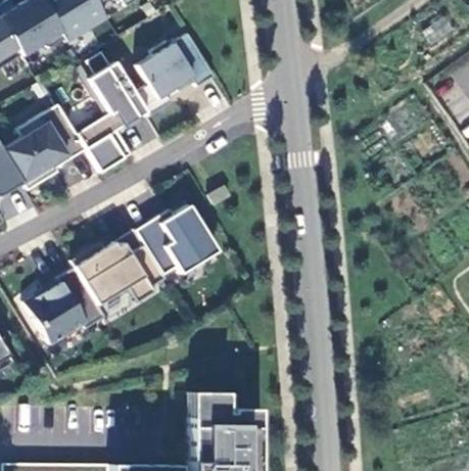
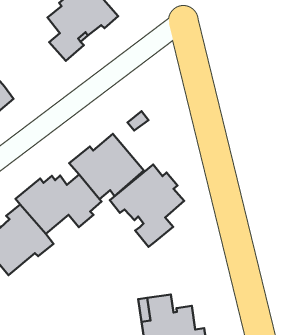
building: [77,60,146,170] -> none
building: none -> [110,164,184,247]

